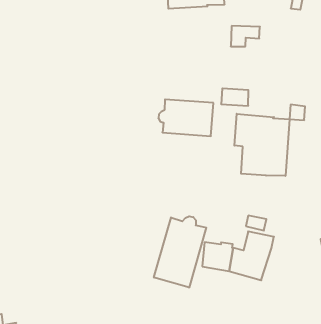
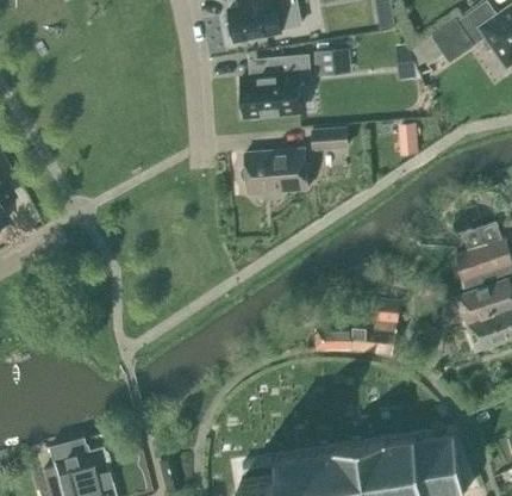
building: none -> [239,55,310,116]
building: [234,114,290,176] -> none
building: [154,216,206,288] -> none

